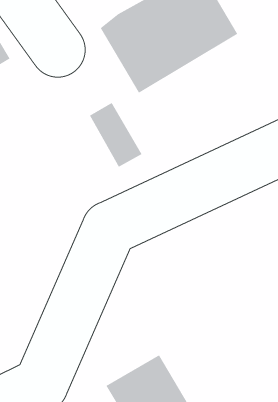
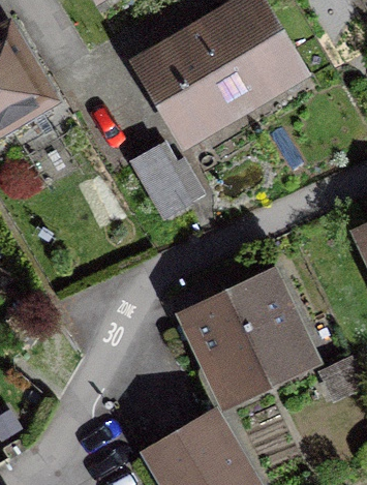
building: none -> [194,285,301,392]

